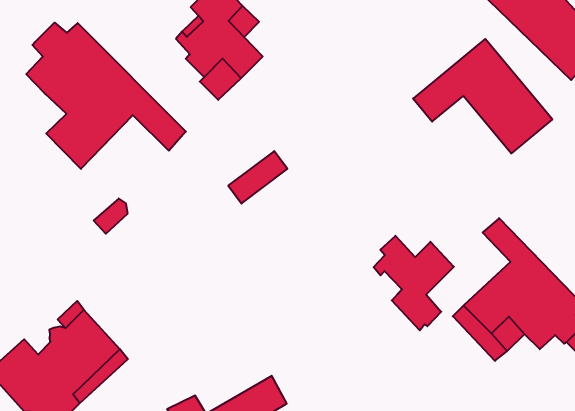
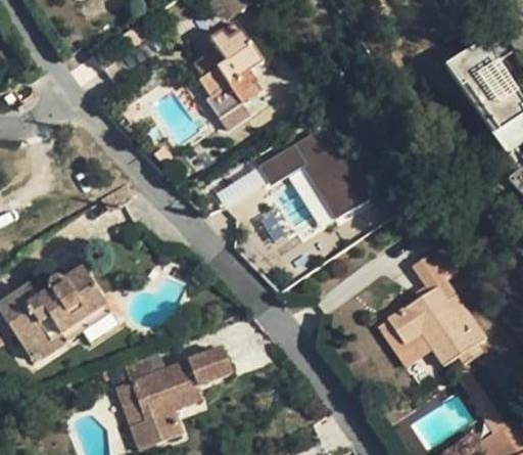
building: [26,23,186,169] -> none
building: [413,39,552,153] -> [259,125,369,221]
building: [374,236,454,330] -> none

